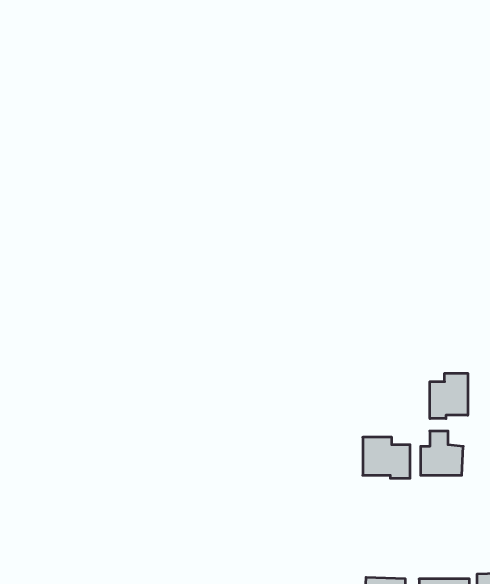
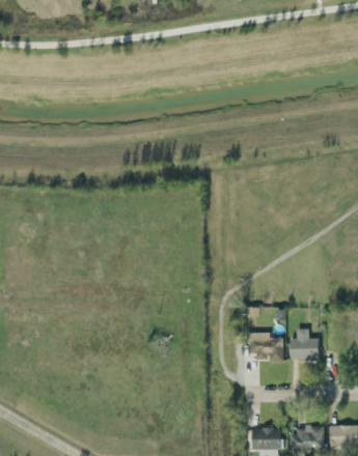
building: [430,373,468,419] -> none

